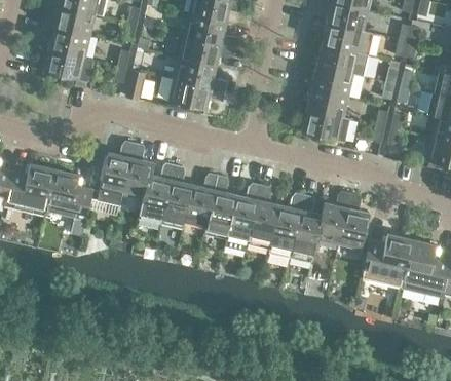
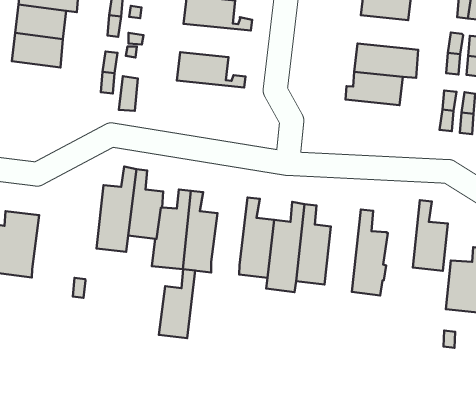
building: [179,35,235,65] -> none
building: [316,44,368,76] -> none
building: [43,48,92,81] -> none
building: [168,78,225,109] -> none
building: [299,108,349,141] -> none
building: [45,169,93,220] -> none
building: [184,173,218,226] -> [159,269,195,338]
building: [316,190,350,243] -> none
building: [268,192,304,257] -> none

